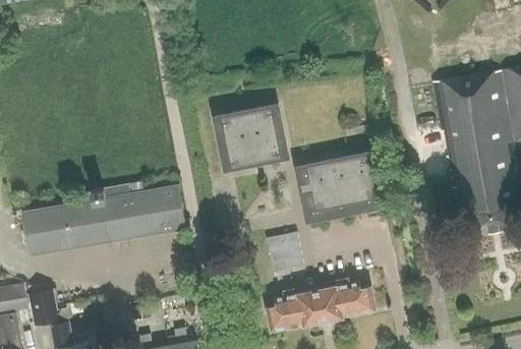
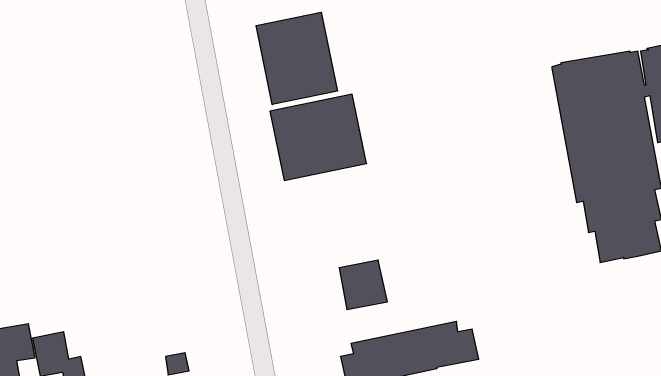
building: none -> [256,12,337,105]
building: [295,151,380,221] -> none
building: [22,181,186,255] -> none

